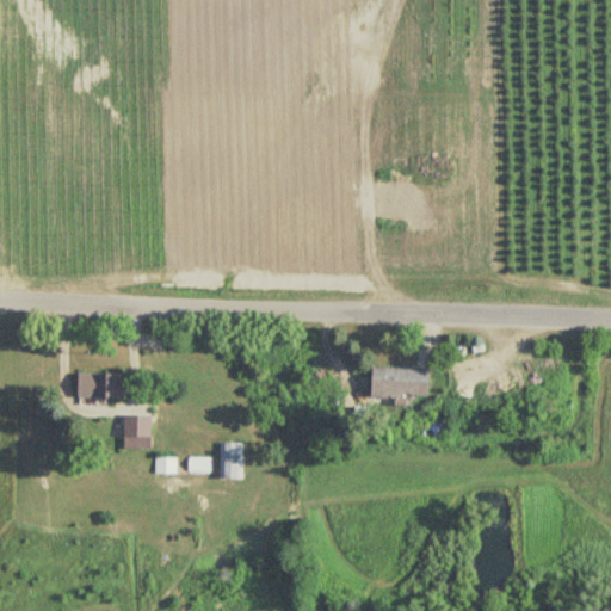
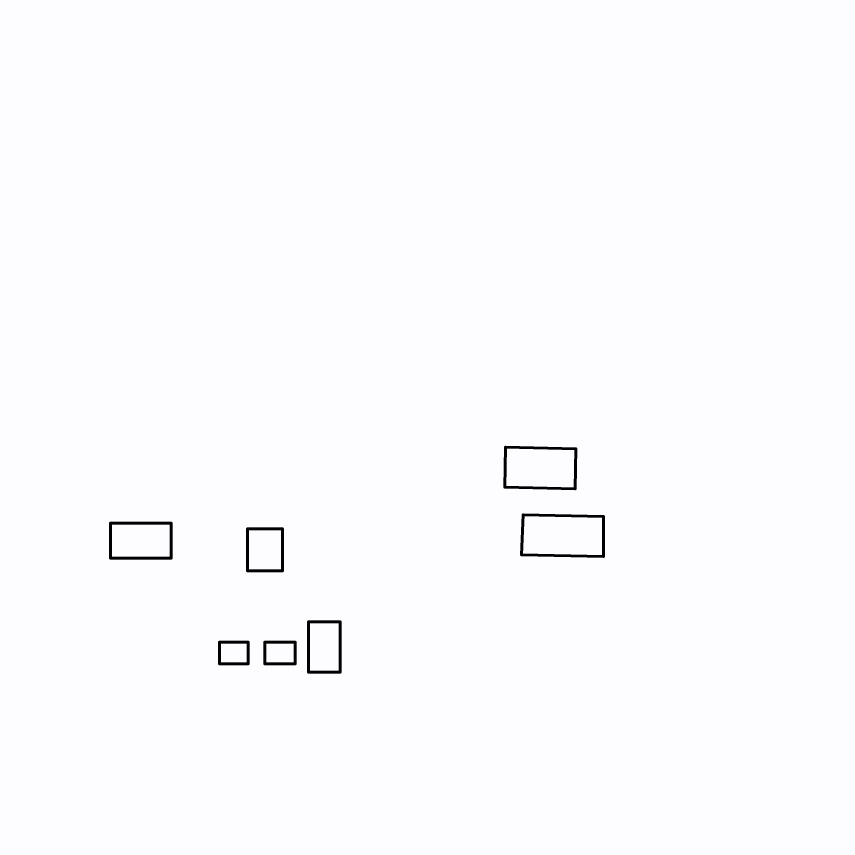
building: none -> [505,447,576,489]
building: [125,418,150,448] -> [247,529,283,571]

